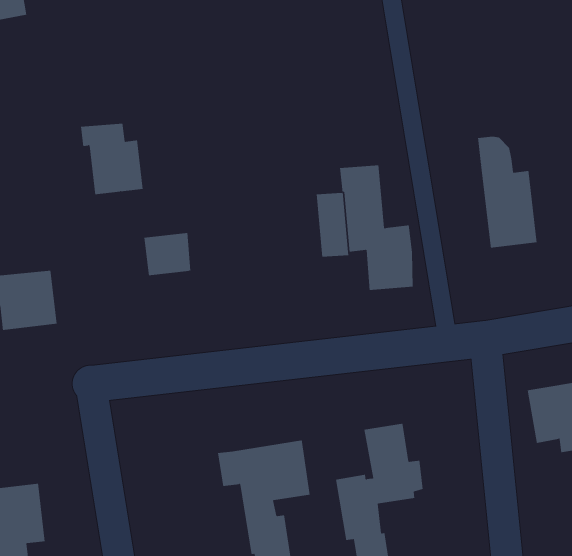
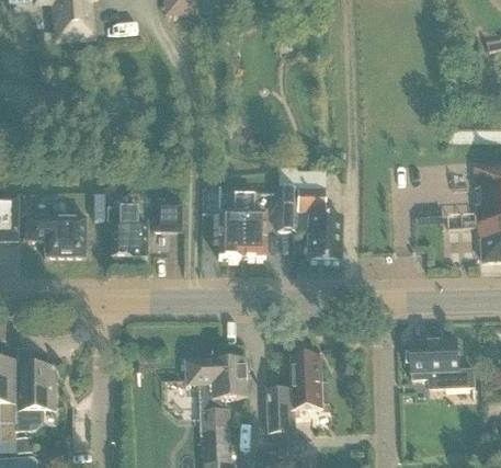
building: [80,123,144,195] -> [104,205,144,254]
building: [477,136,537,248] -> none
building: none -> [216,191,263,256]

